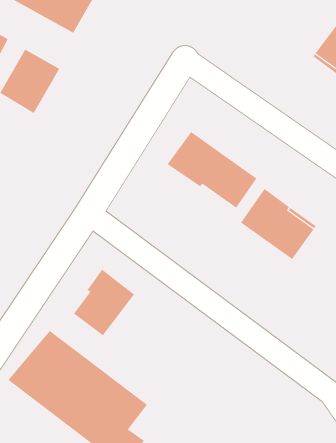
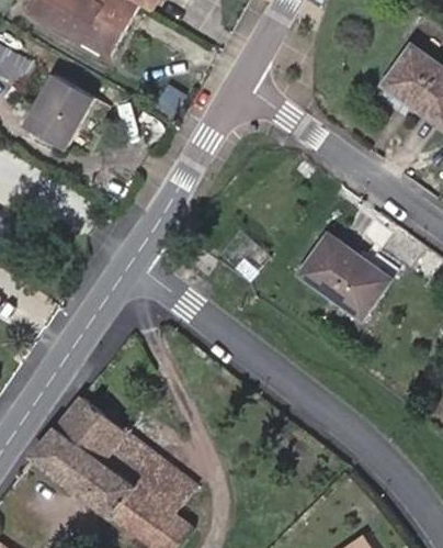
building: [167,131,257,208] -> none
building: [73,269,135,336] -> none

